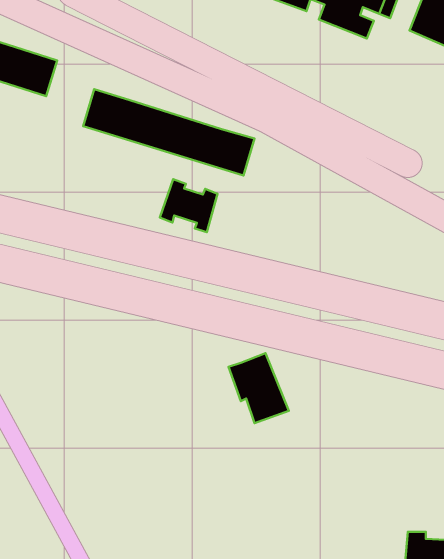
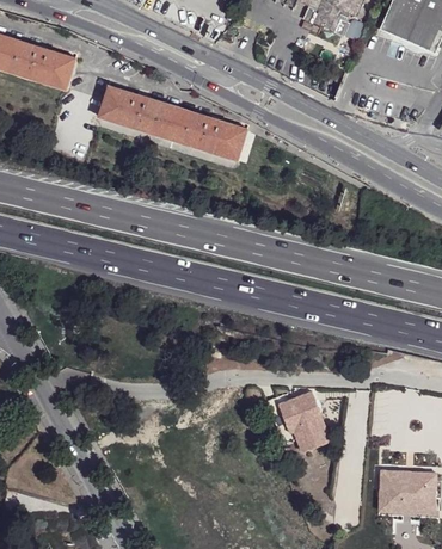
building: [160,179,218,232] -> none
building: [228,353,289,423] -> [277,389,330,450]

